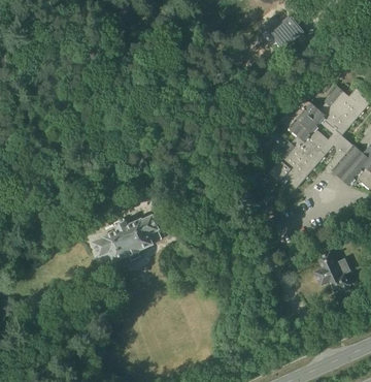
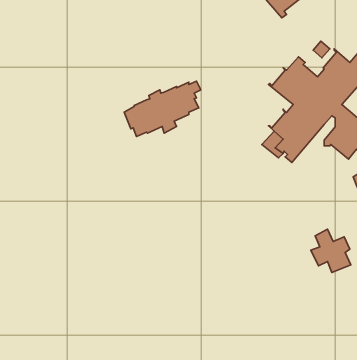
building: [93,213,164,264] -> [124,81,201,137]

